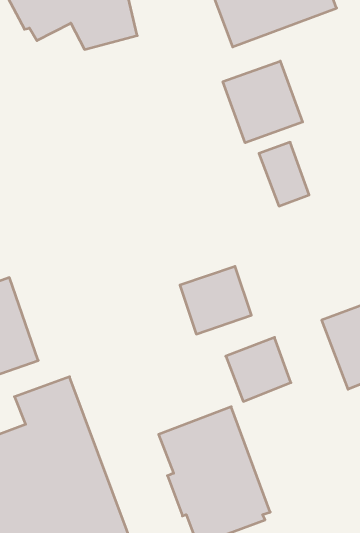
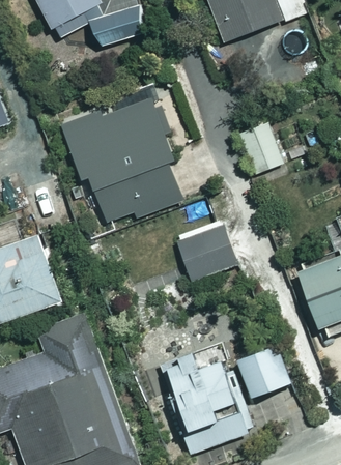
building: [223,61,303,143] -> none
building: none -> [59,97,182,222]
building: [226,337,291,401] -> [234,342,288,395]

